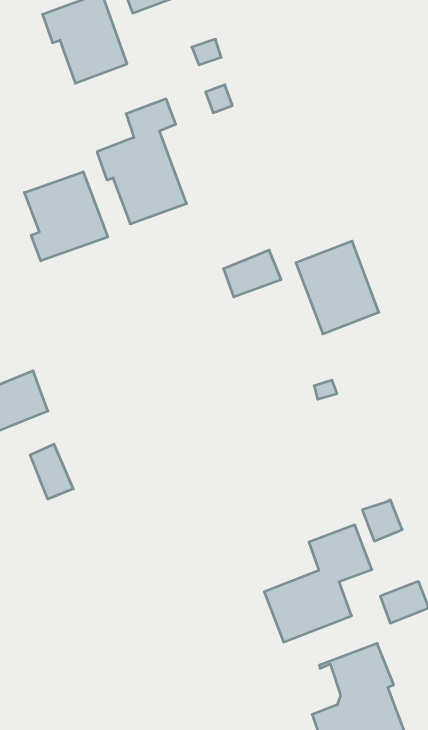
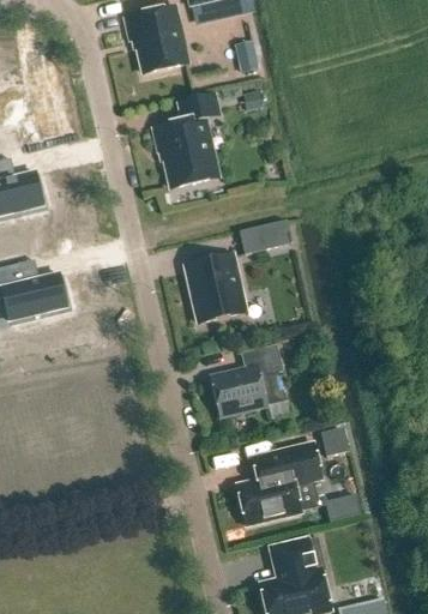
building: [24,172,108,261] -> none
building: [296,241,379,334] -> [185,253,243,321]
building: none -> [210,343,284,414]
building: [30,444,73,499] -> none

